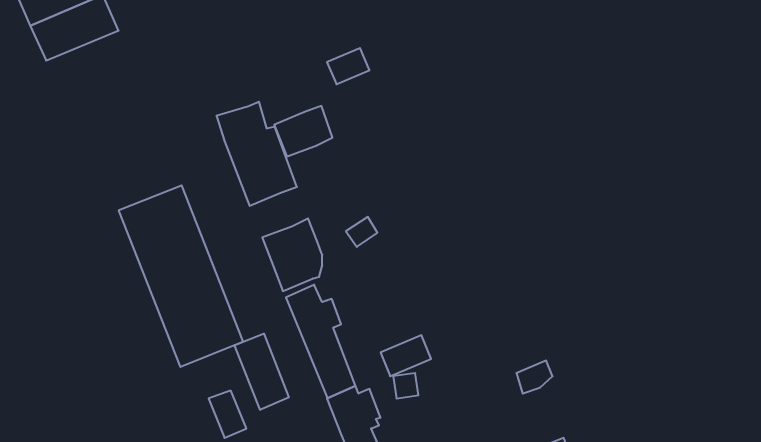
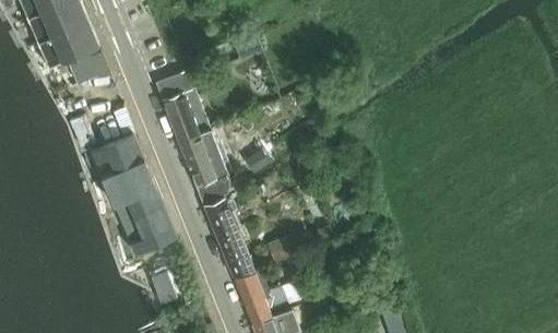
building: none -> [38,23,98,85]
building: [274,106,332,156] -> [179,131,219,166]
building: [234,334,289,410] -> none

